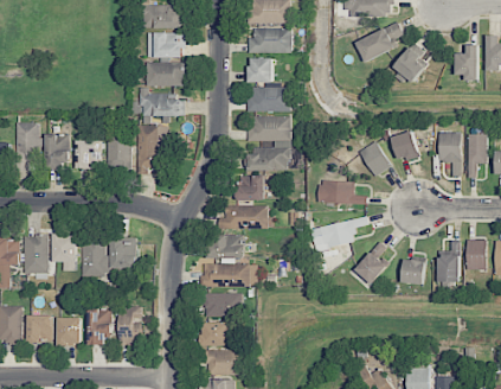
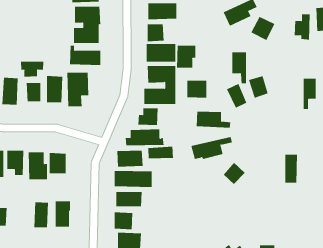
building: none -> [176,45,196,69]
building: none -> [20,61,44,77]
building: [438,132,460,177] -> [232,52,247,84]
building: none -> [187,80,207,99]
building: none -> [148,146,173,159]
building: [465,240,486,270] -> none
building: [402,259,425,285] -> none
building: [57,318,81,345] -> none

